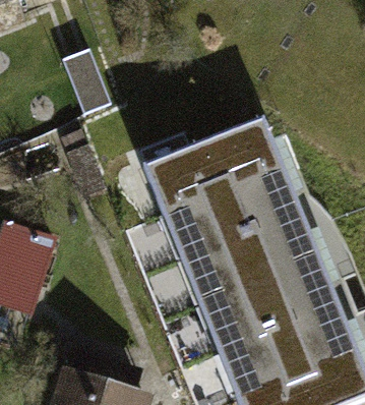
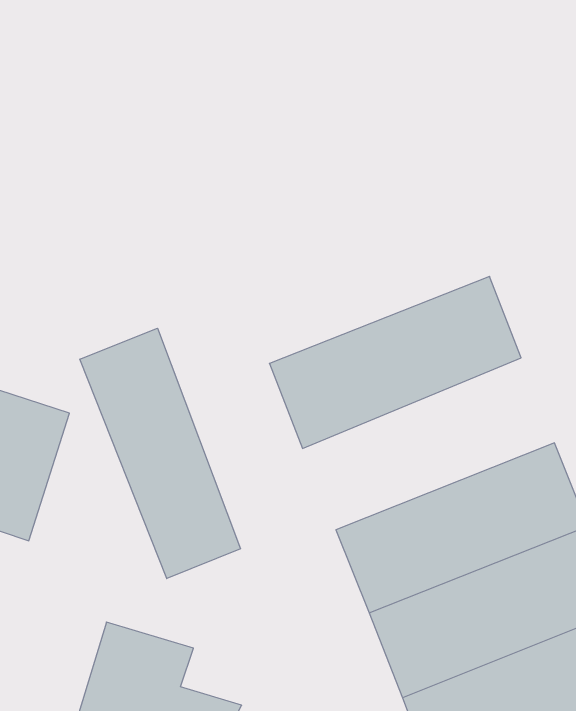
building: [142,117,282,212] -> none
building: none -> [80,328,241,579]
building: [179,209,317,303] -> none

